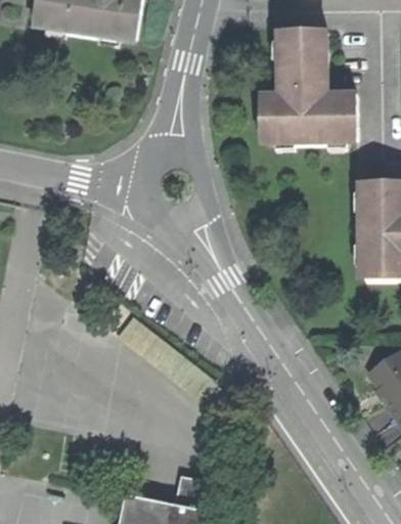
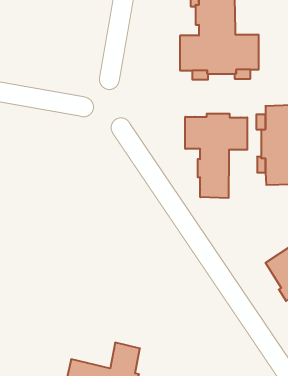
building: none -> [185,114,247,198]

